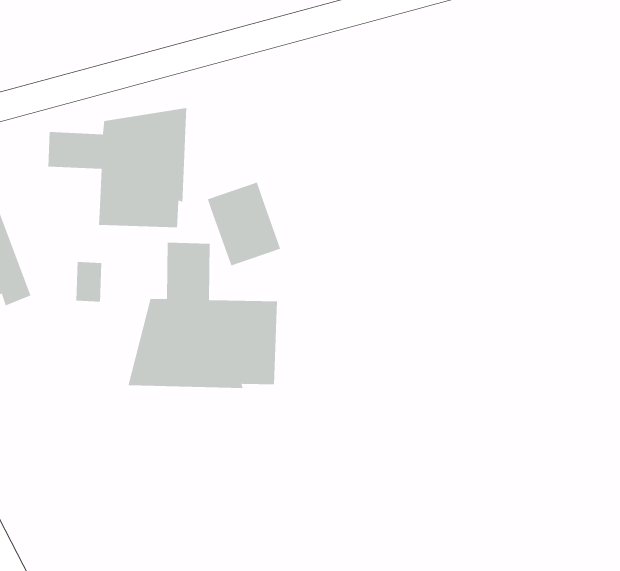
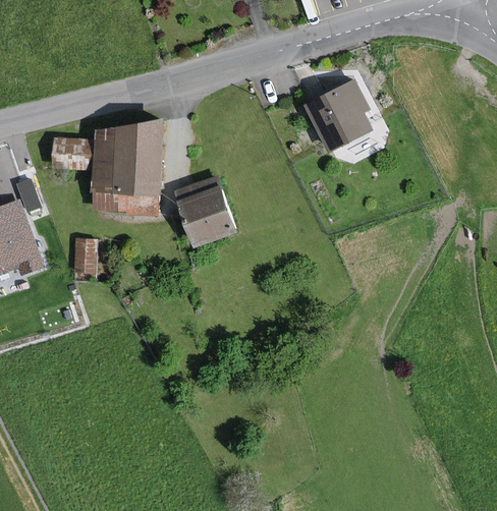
building: none -> [308,80,371,149]
building: [127,242,278,389] -> none

